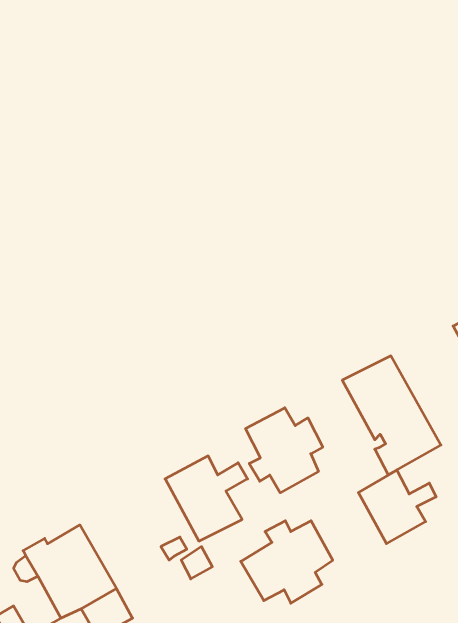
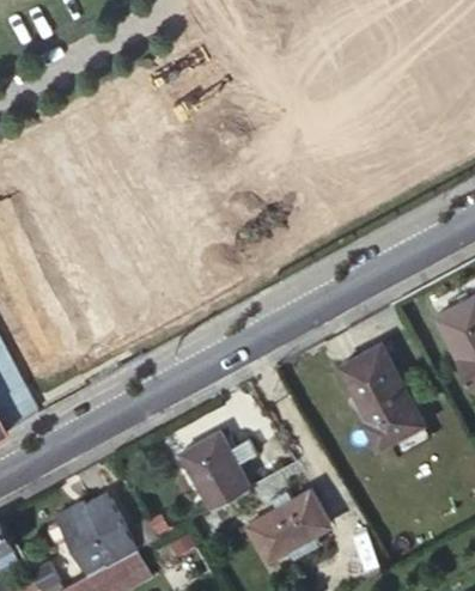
building: [246,408,323,493] -> none
building: [358,470,436,544] -> none

